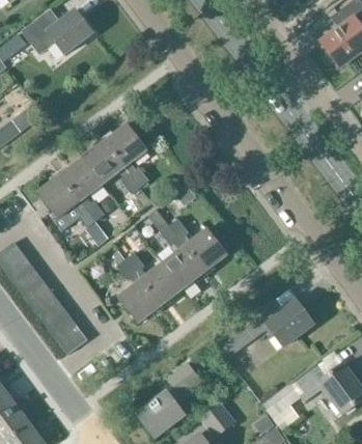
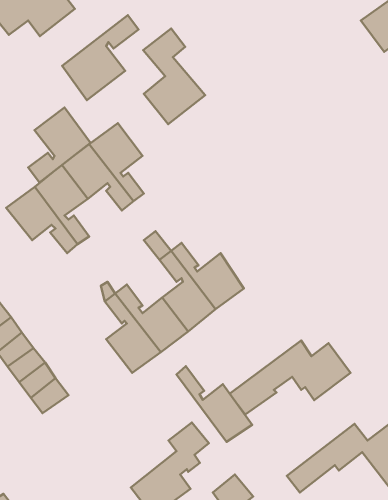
building: none -> [62,15,138,100]
building: none -> [143,29,205,124]
building: none -> [28,107,91,182]
building: none -> [177,366,252,442]

